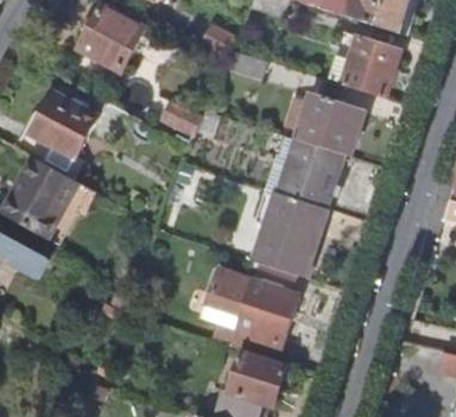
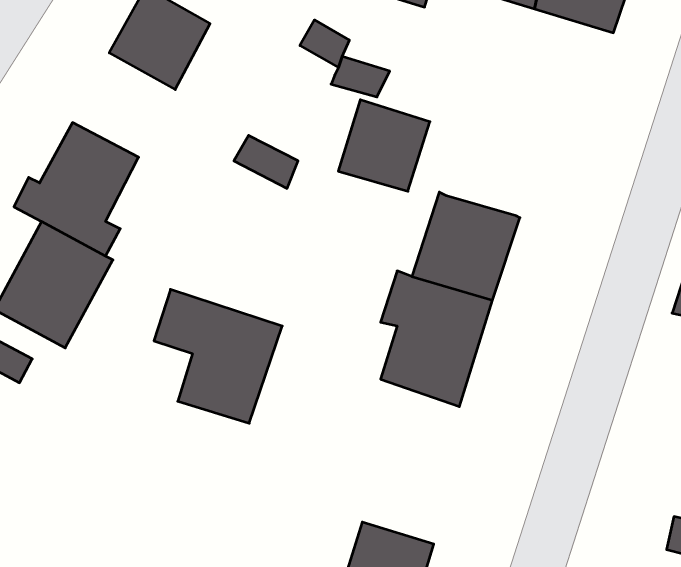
building: [341,37,400,99] -> none
building: [297,94,356,153] -> [338,100,430,191]
building: [216,271,299,358] -> [154,289,282,423]

